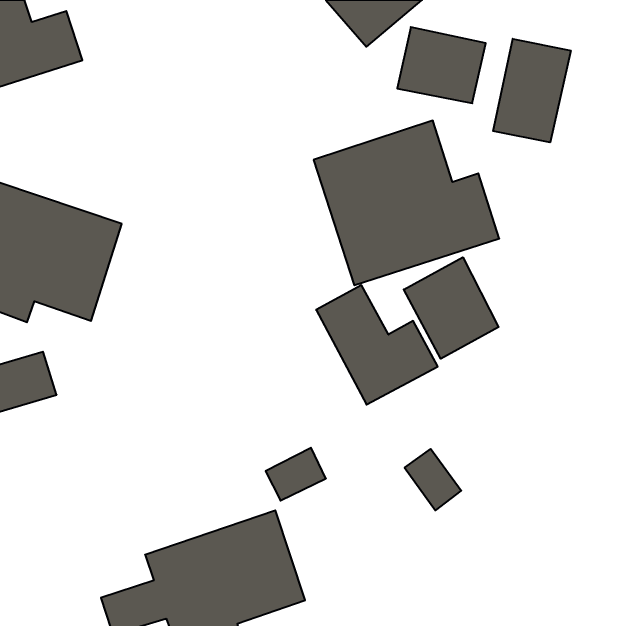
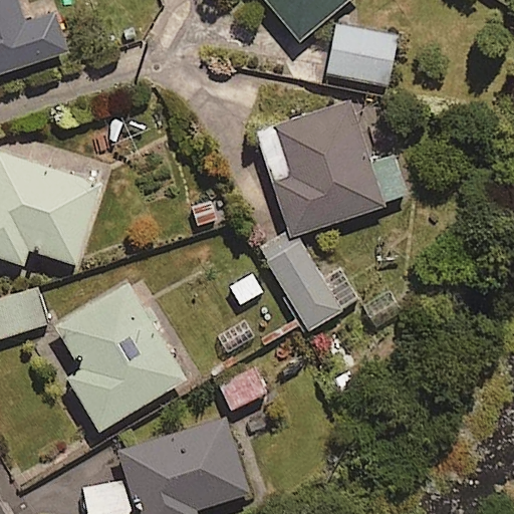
building: [493,39,571,142] -> none
building: [404,257,499,359] -> none
building: none -> [59,285,183,430]

